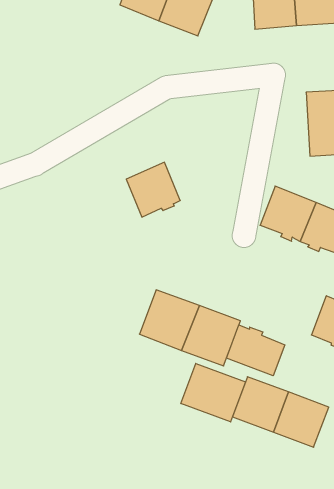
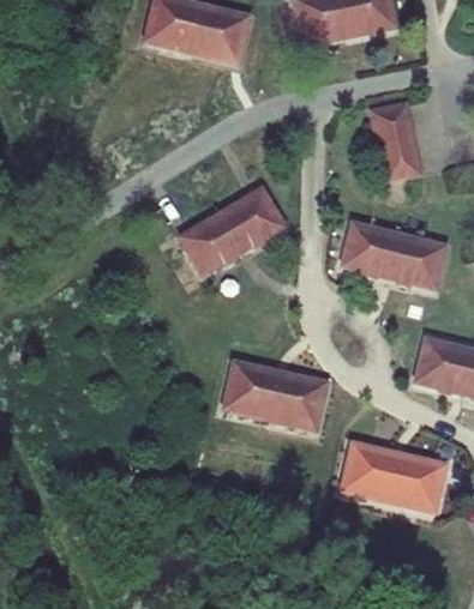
building: none -> [221,187,287,252]
building: [226,325,285,376] -> none
building: [181,363,245,422] -> none

